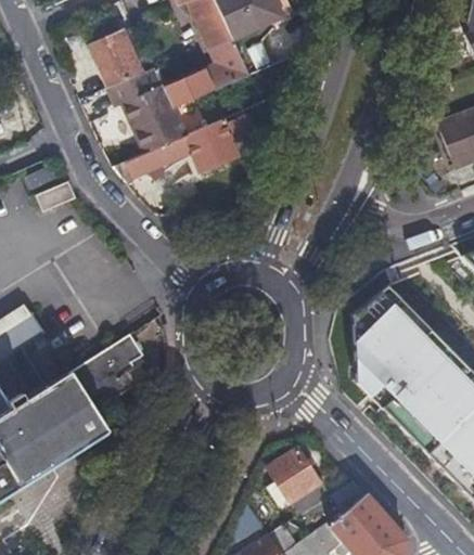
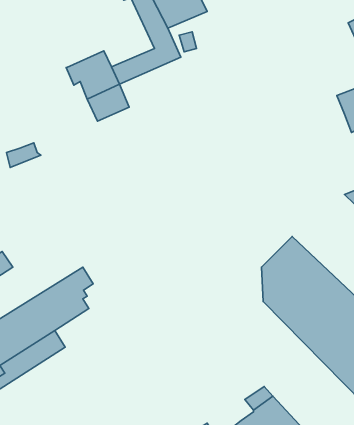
building: [90,26,154,88] -> none
building: [112,121,235,180] -> none
building: [269,451,325,518] -> none

